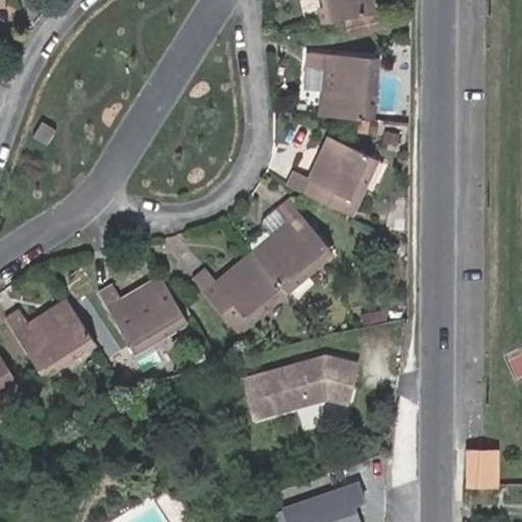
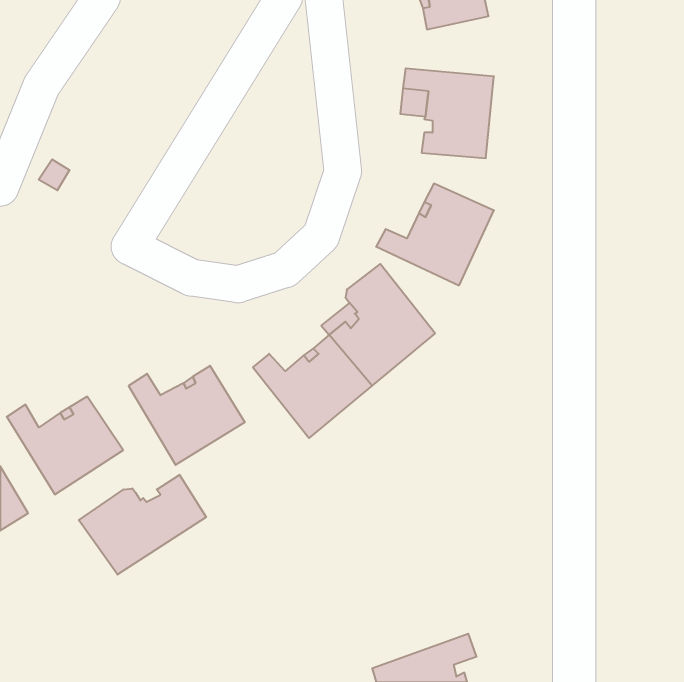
building: [256,352,357,409] -> none
building: none -> [79,475,206,575]
building: [465,441,499,480] -> none

